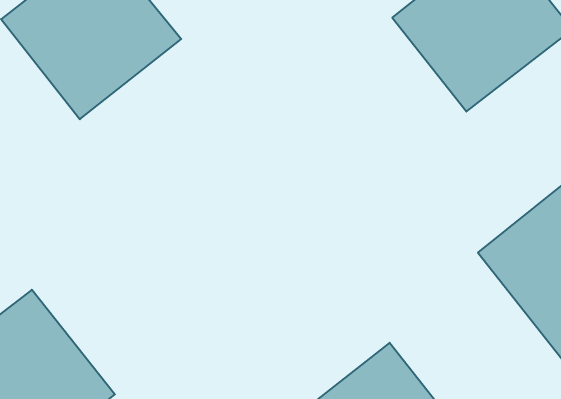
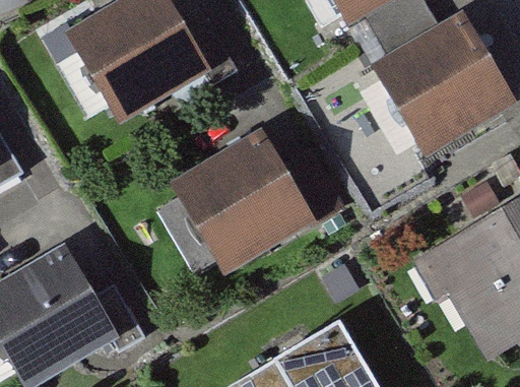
building: none -> [175,133,315,268]

